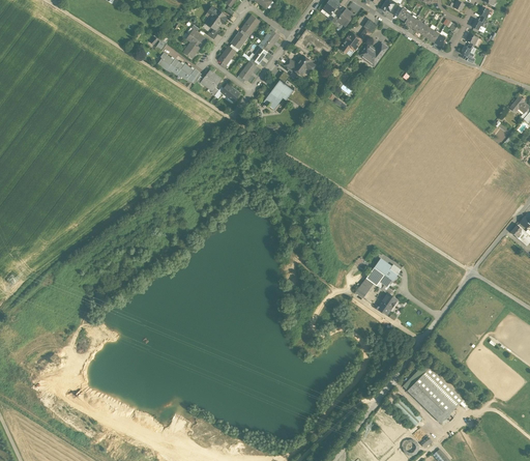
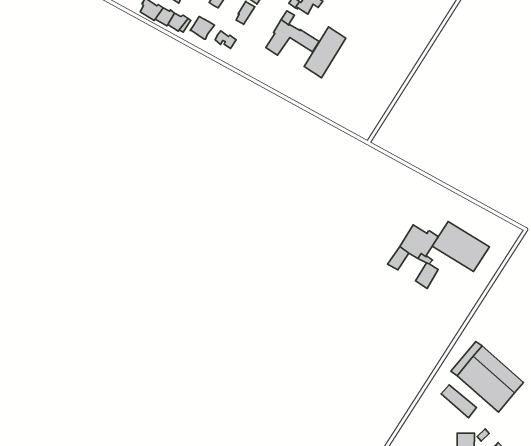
building: none -> [304,27,346,78]
building: none -> [432,222,489,271]

